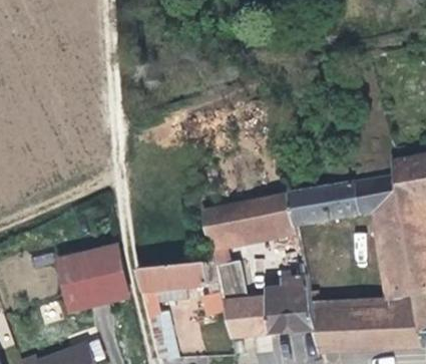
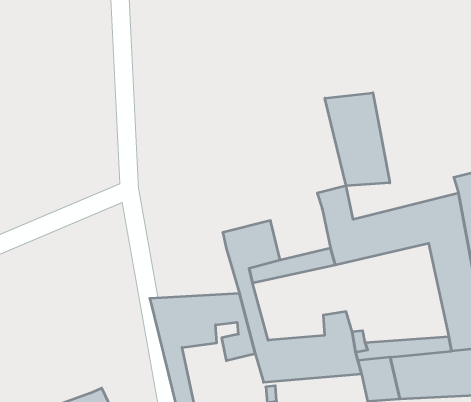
building: none -> [325,93,390,186]
building: [238,191,288,234] -> none
building: [58,247,130,310] -> none

